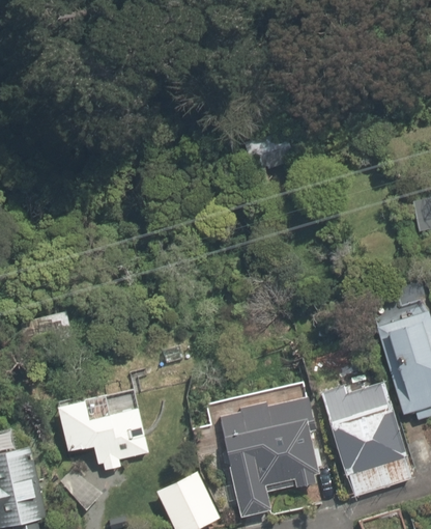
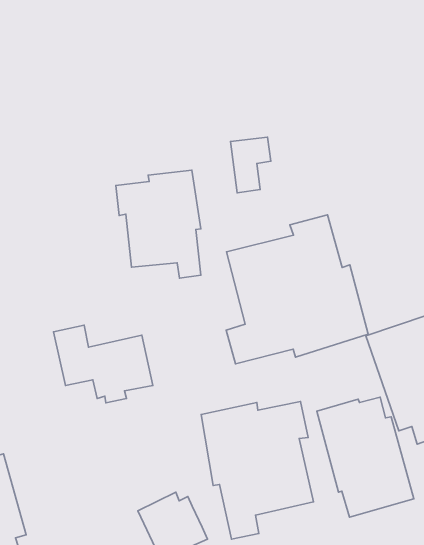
building: none -> [116,170,201,278]
building: none -> [226,215,368,364]
building: [53,397,147,471] -> [53,325,153,403]

